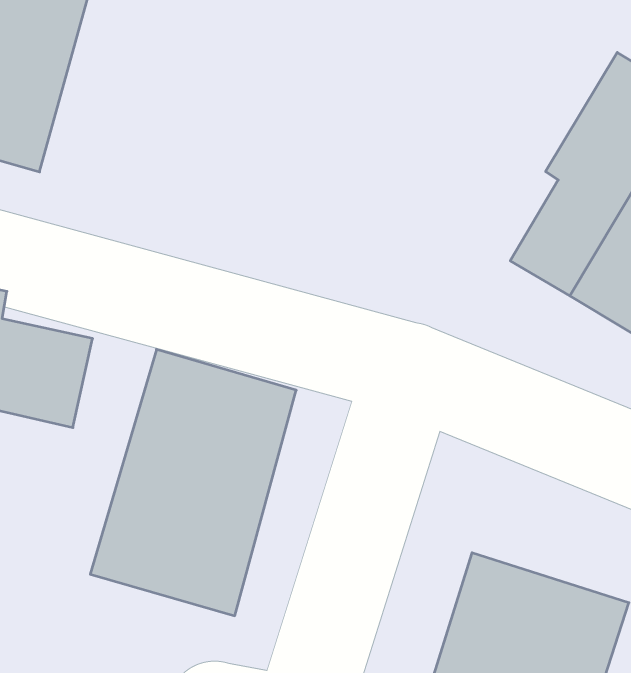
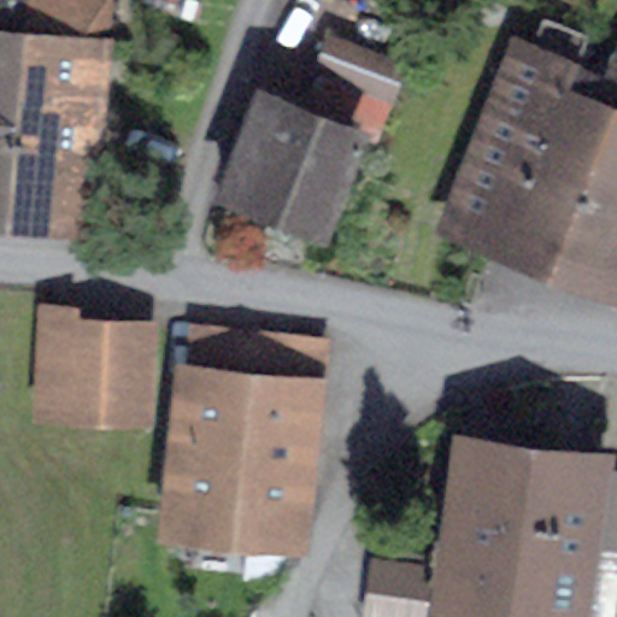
building: none -> [221,54,402,233]

